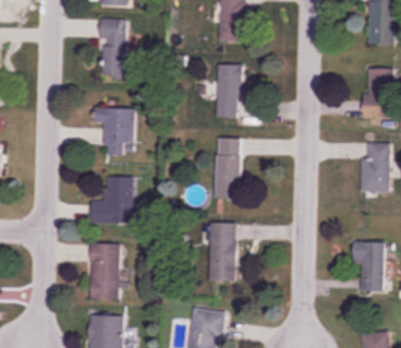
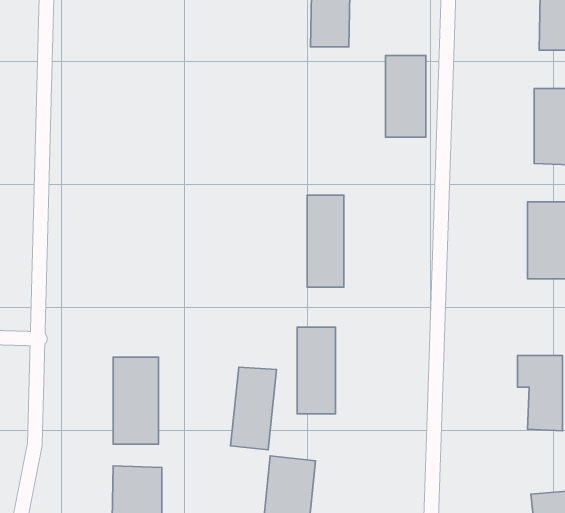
building: [99,17,125,76] -> none
building: [216,63,242,117] -> [386,55,426,137]
building: [98,107,133,161] -> none
building: [90,176,132,224] -> none
building: none -> [230,367,277,450]

